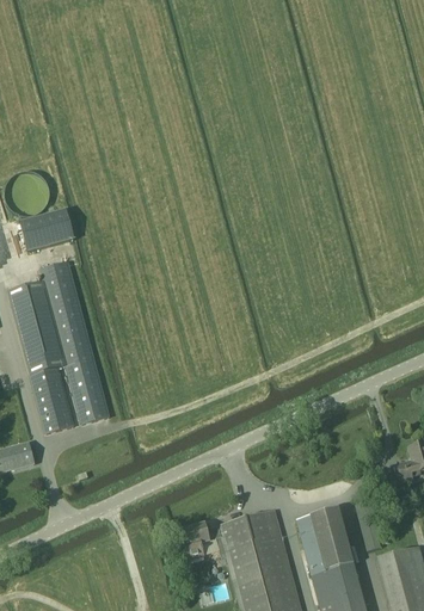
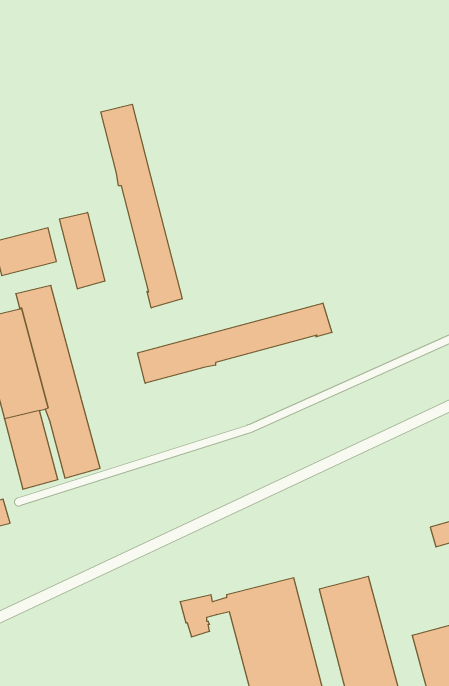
building: none -> [101,104,182,308]
building: none -> [60,212,105,289]
building: none -> [137,303,332,383]

